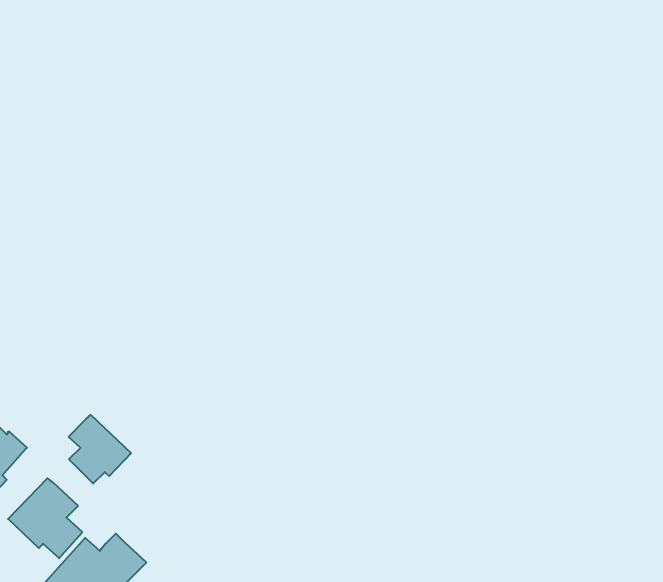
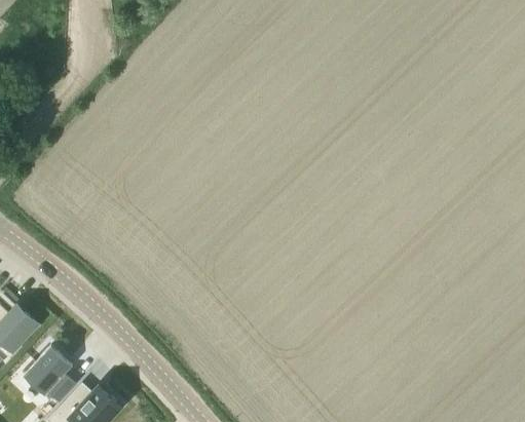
building: [69,415,131,484] -> none

